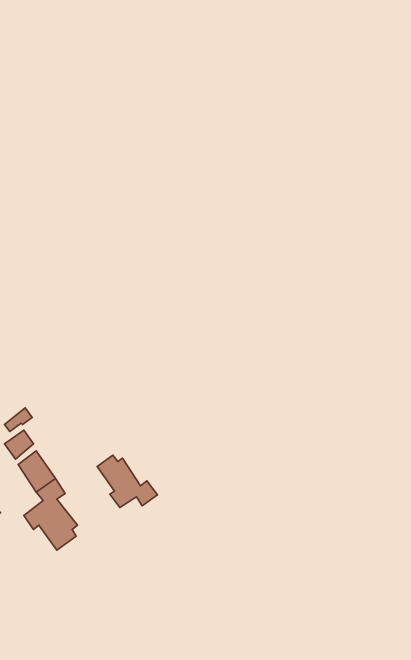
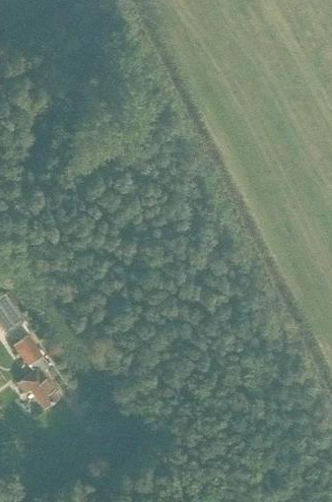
building: [97,455,158,508] -> none

